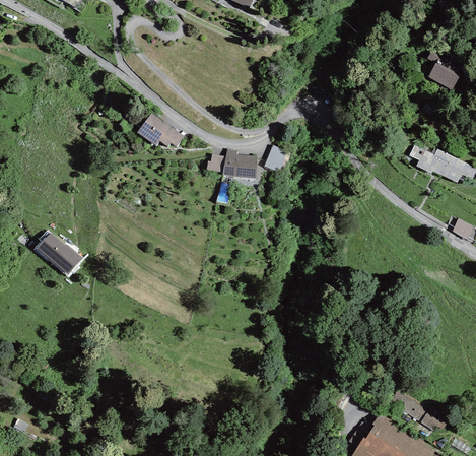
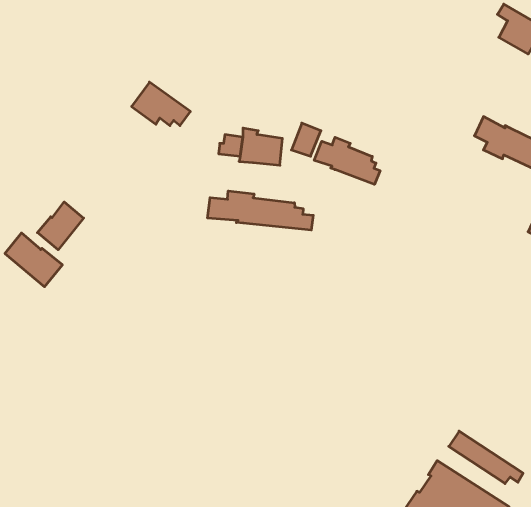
building: none -> [314,137,380,184]
building: none -> [208,191,313,230]
building: none -> [37,202,84,250]

